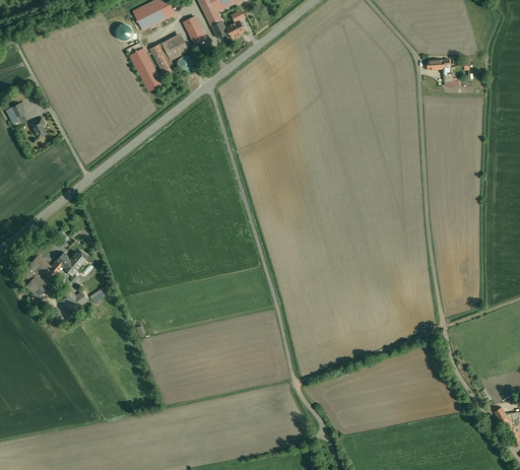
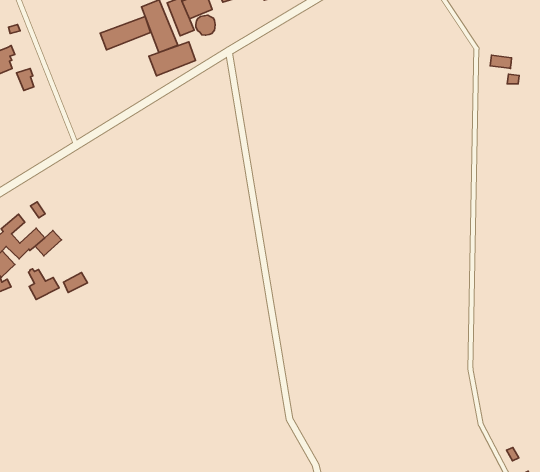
building: none -> [100,17,151,50]
building: none -> [149,42,196,76]

